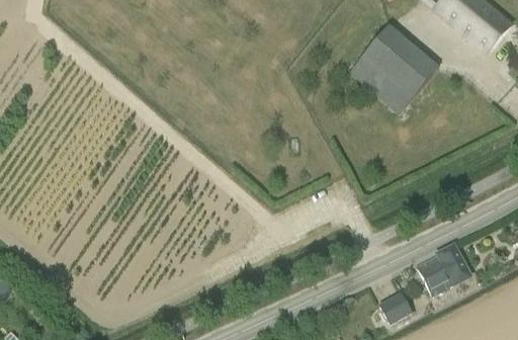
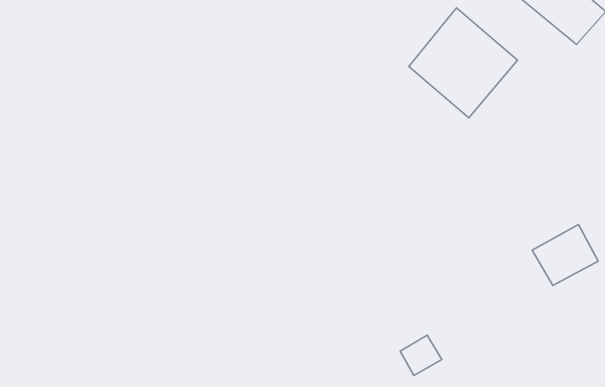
building: [416,245,470,295] -> [532,224,598,286]
building: [378,290,413,324] -> [400,335,442,376]

